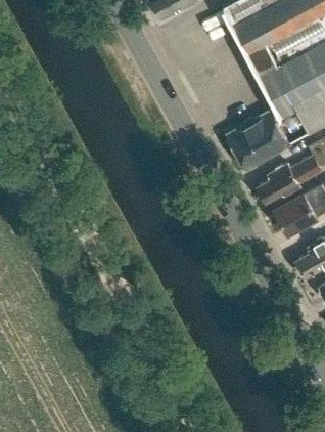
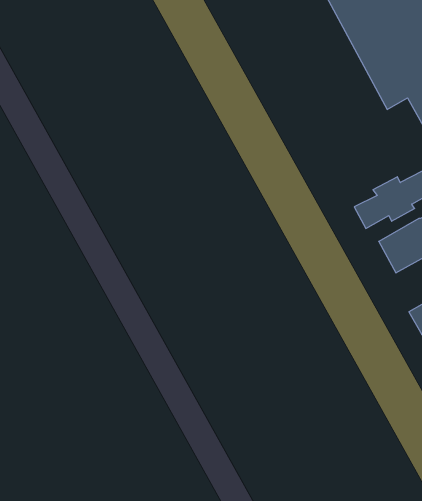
building: [228,111,289,169] -> none

